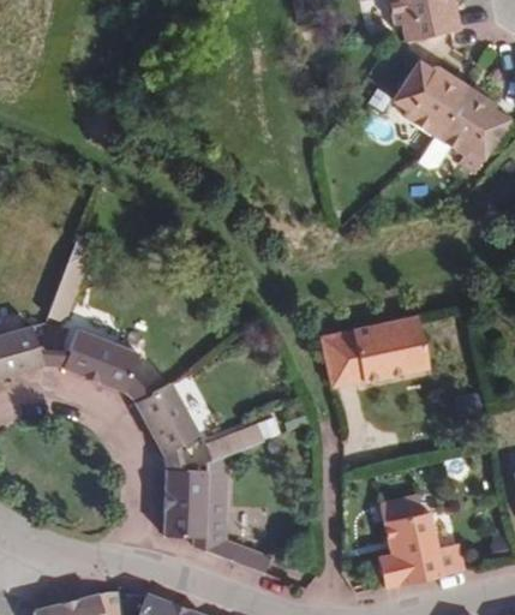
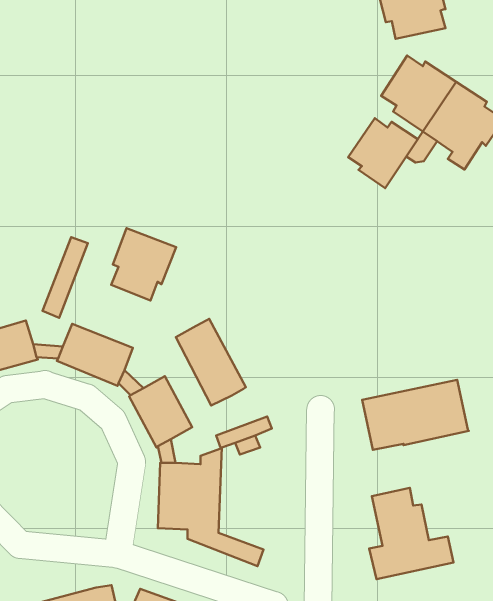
building: none -> [348,118,418,188]
building: none -> [111,228,176,301]
building: [322,317,430,388] -> [362,380,469,450]
building: none -> [176,319,246,405]

